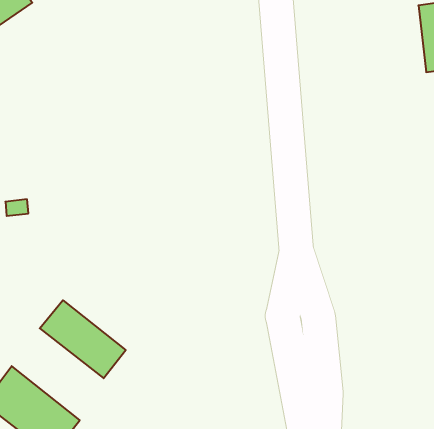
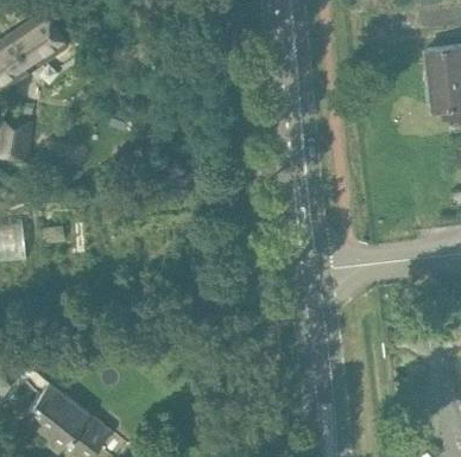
building: [40,300,126,378] -> none

